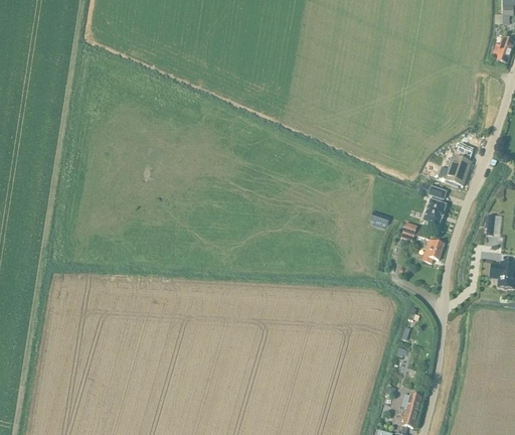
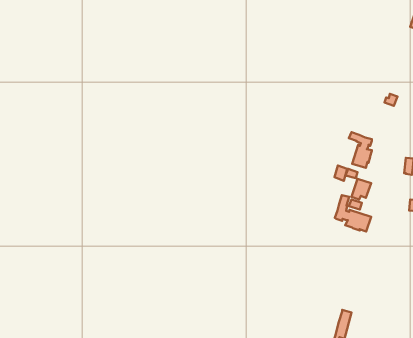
building: [445,155,471,184] -> none
building: none -> [335,195,371,232]

